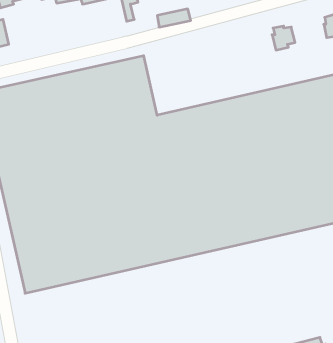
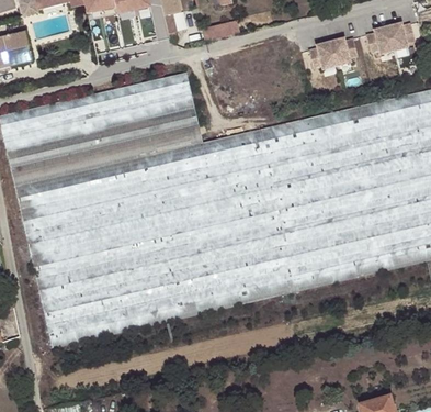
building: none -> [370,30,397,55]
building: none -> [311,42,339,69]

